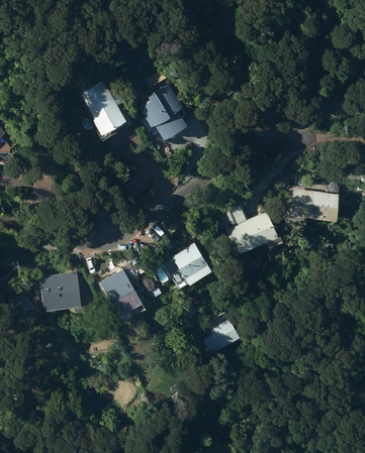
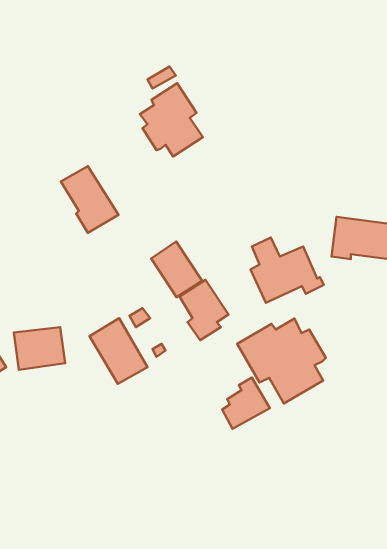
building: [81,83,126,135] -> [61,166,119,233]
building: none -> [151,242,202,297]
building: none -> [237,319,326,403]

